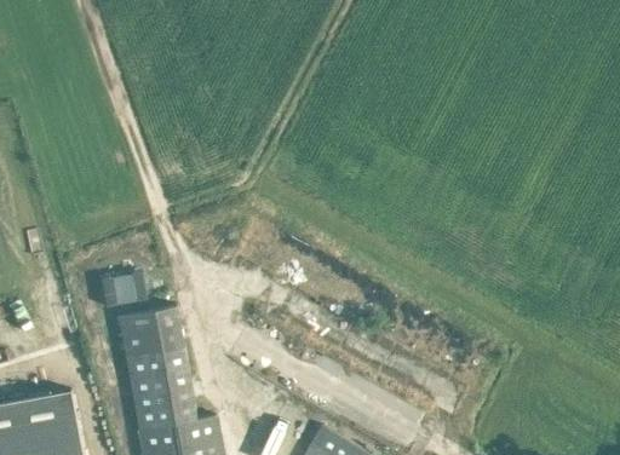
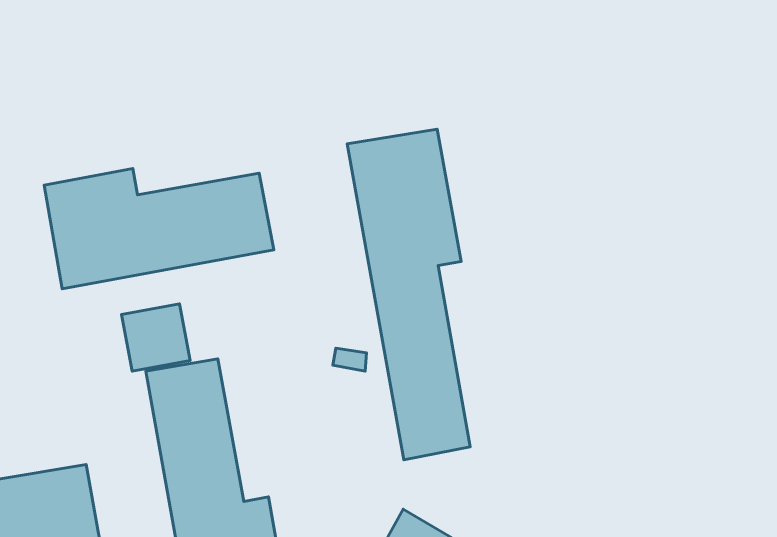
building: none -> [347,129,470,460]
building: none -> [44,169,274,289]

